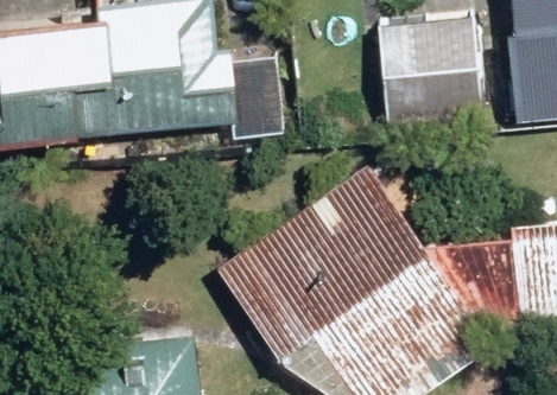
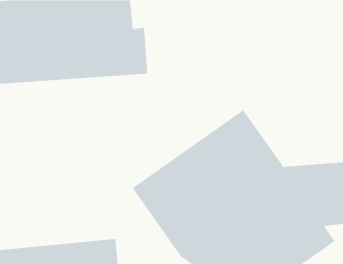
building: [378,18,489,134] -> none

